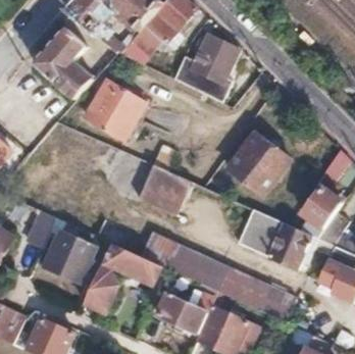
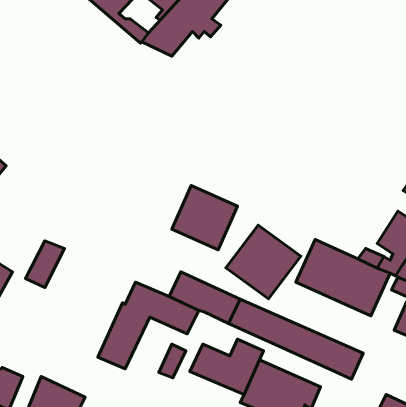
building: [32,27,93,100] -> none
building: [172,35,238,95] -> none
building: [86,81,145,139] -> none
building: [230,134,289,192] -> [226,225,301,299]
building: [44,231,94,281] -> none

